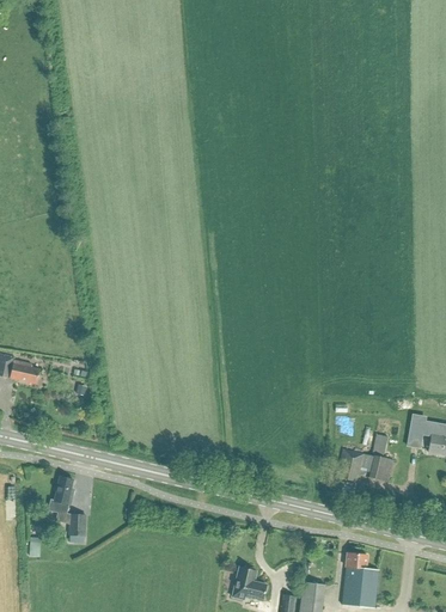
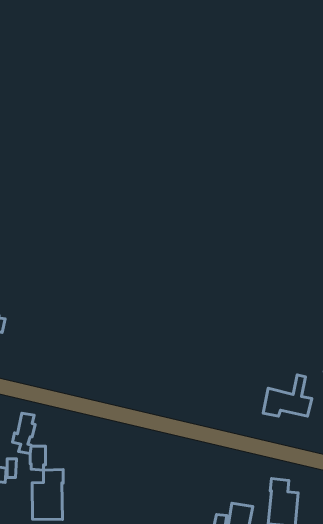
building: none -> [32,469,63,519]
building: [232,565,267,600] -> none

